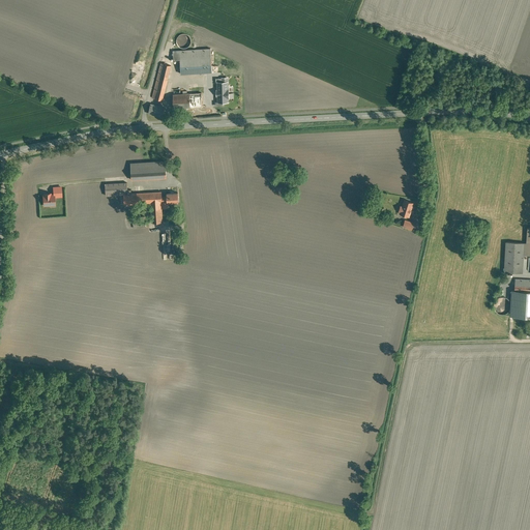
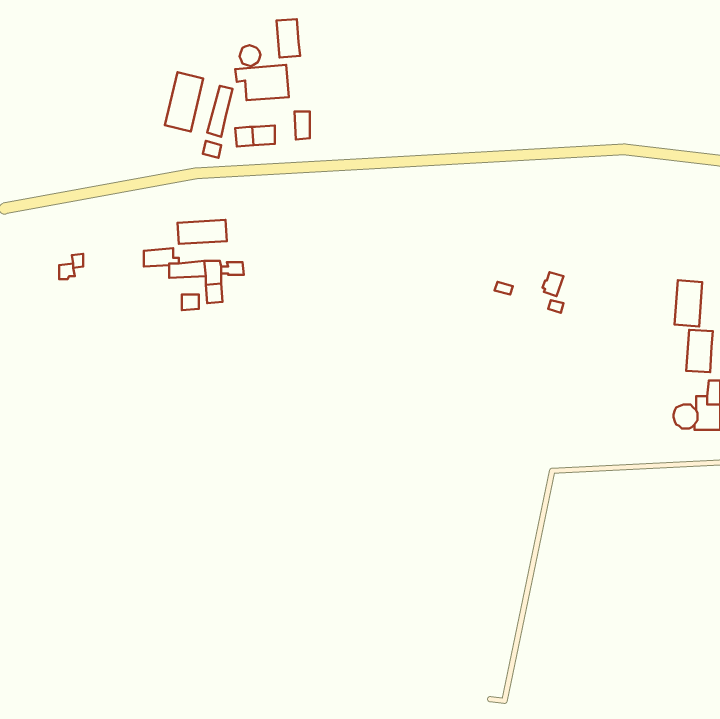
building: none -> [276,19,300,57]
building: none -> [165,72,203,131]
building: none -> [675,280,702,326]

